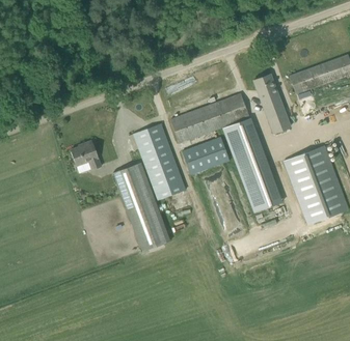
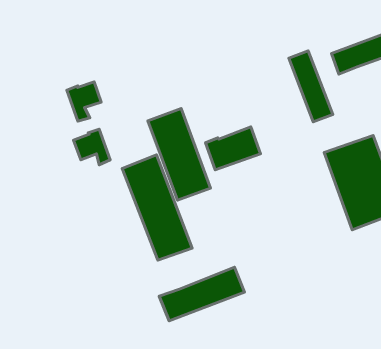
building: [170,93,281,214] -> none
building: none -> [67,82,101,121]
building: none -> [159,267,244,321]

